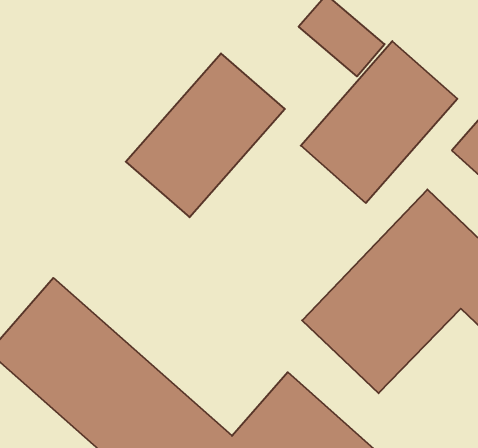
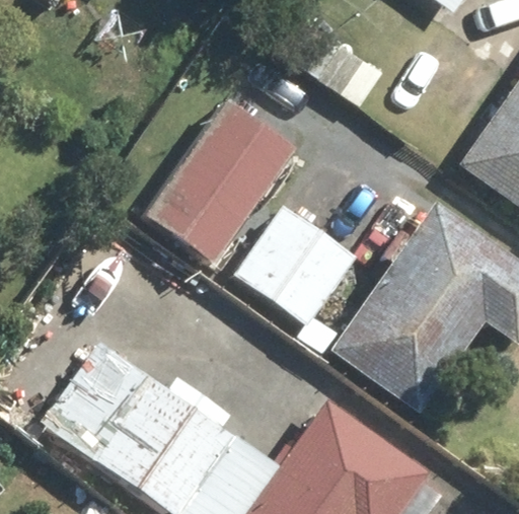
building: [301,41,457,203] -> none
building: none -> [236,205,360,328]

